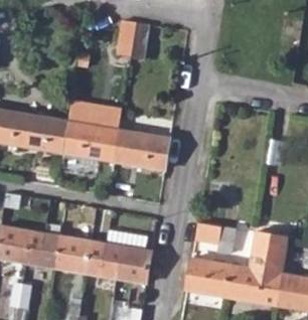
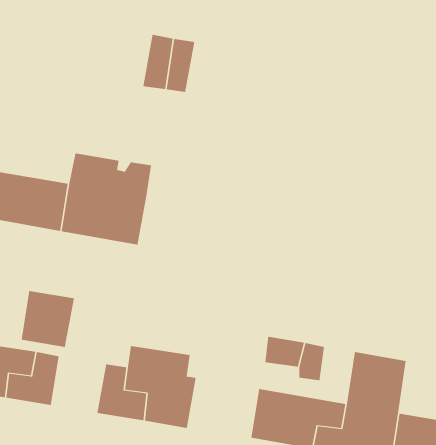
building: [113,131,169,172] -> none
building: [56,235,92,273] -> [21,291,75,348]

